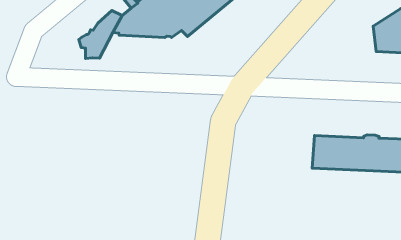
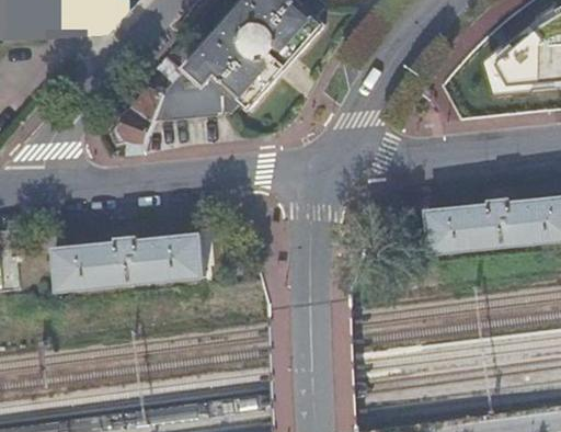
building: none -> [50,234,201,289]

